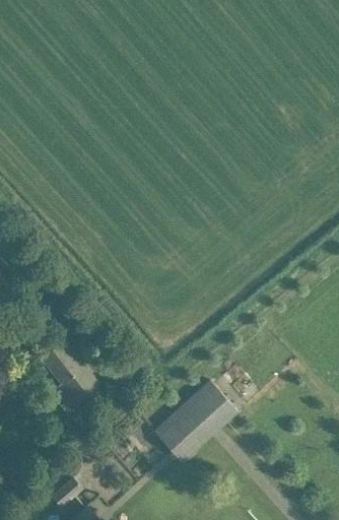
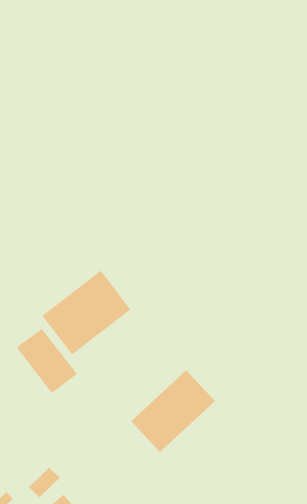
building: none -> [42,270,131,355]

